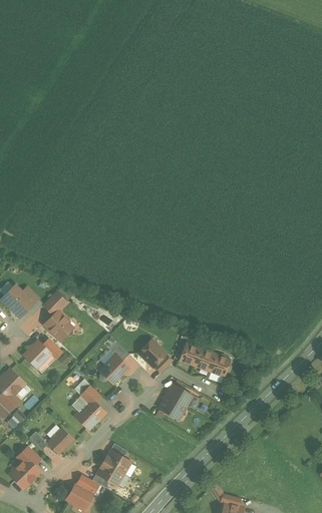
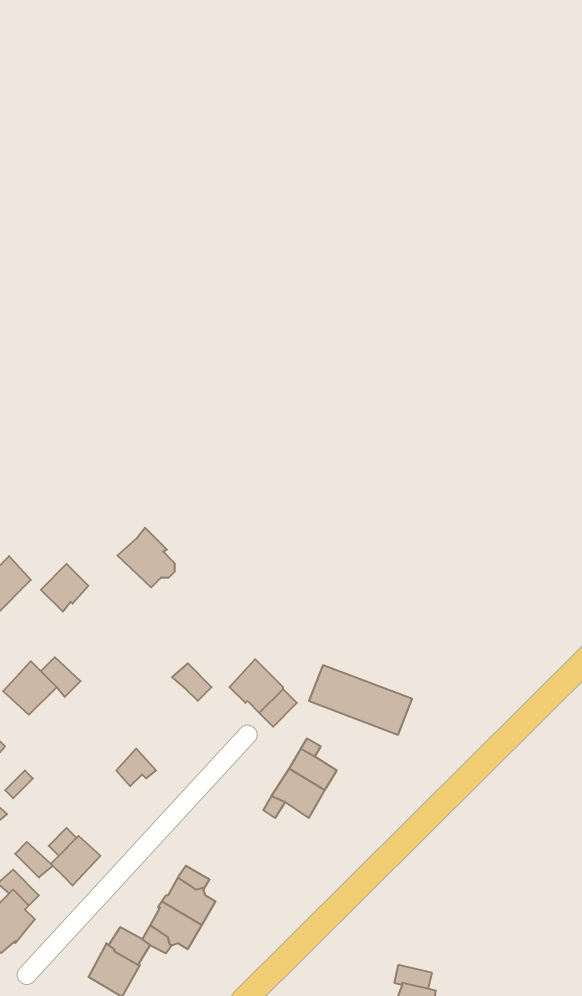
building: [43,311,72,341] -> [117,528,175,587]
building: [99,355,128,384] -> none
building: [75,398,104,429] -> none

